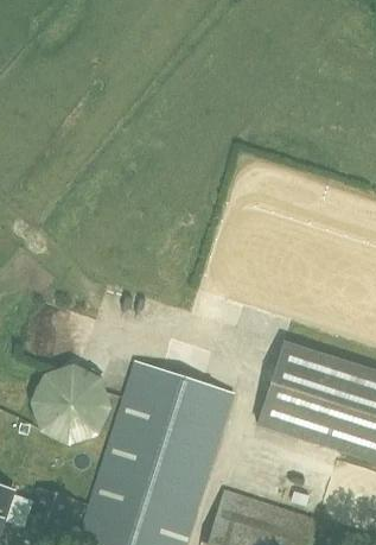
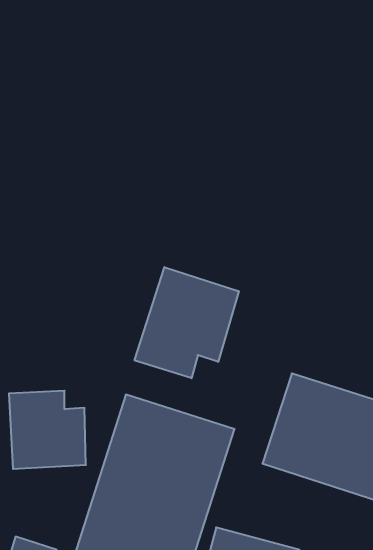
building: none -> [135,267,239,378]

